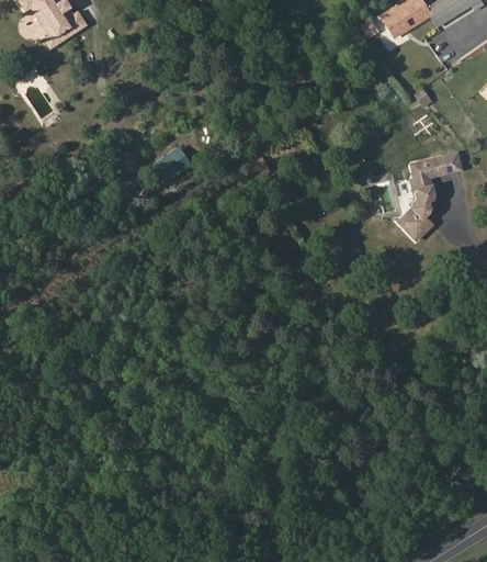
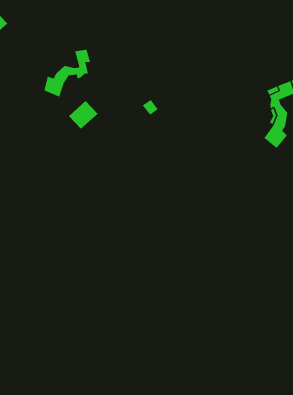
building: none -> [44,49,91,97]

